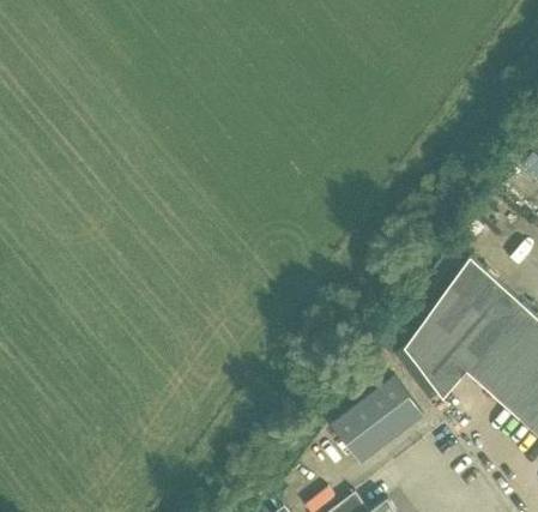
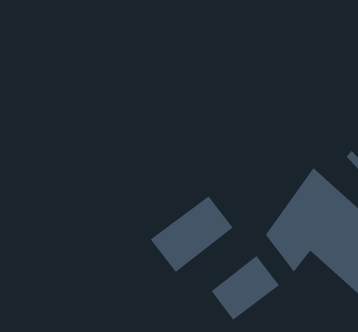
building: none -> [150,196,234,273]

